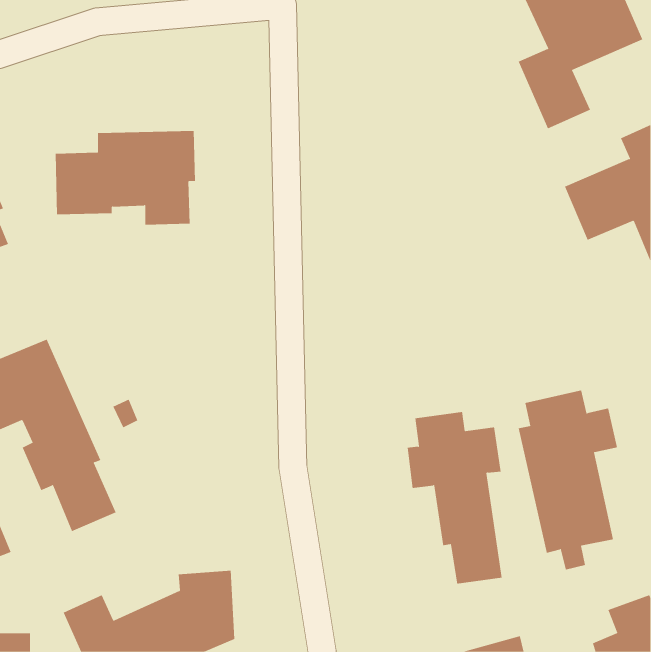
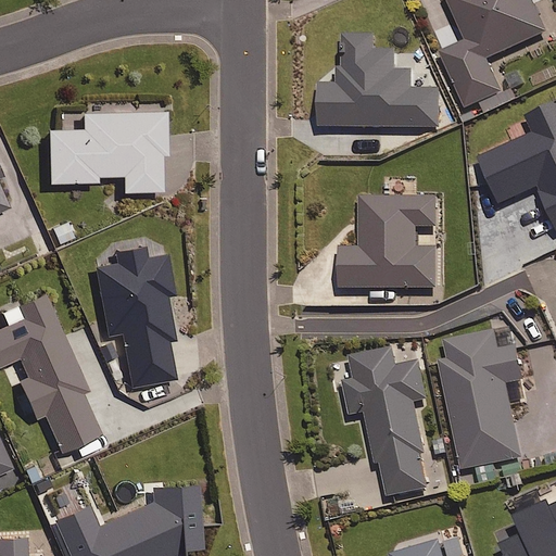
building: none -> [320,35,438,127]
building: none -> [341,197,438,289]
building: none -> [96,247,174,386]

